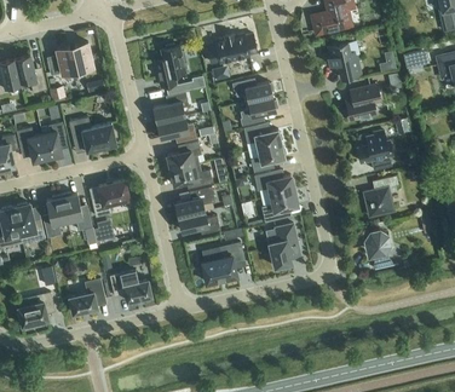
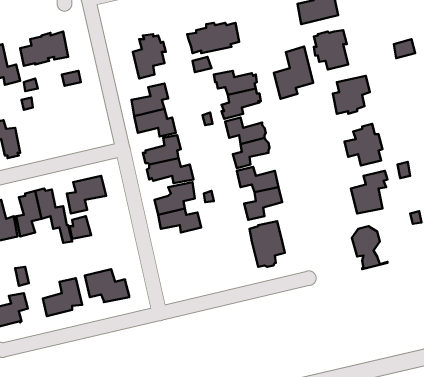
building: none -> [274,47,313,99]
building: [69,117,116,151] -> none
building: [42,122,65,160] -> none
building: [198,242,244,283] -> none

